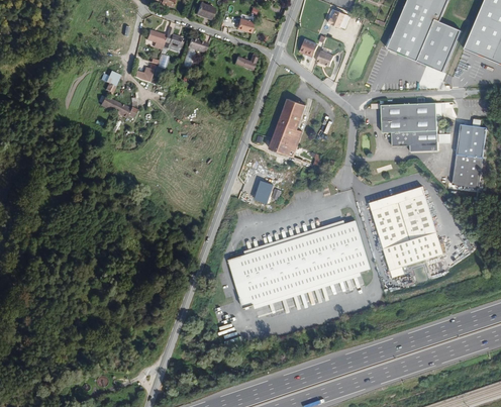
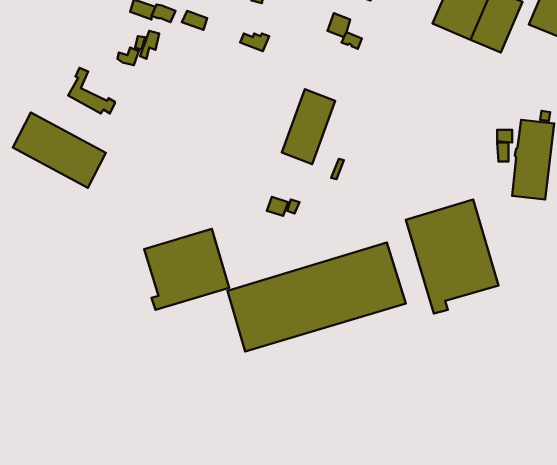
building: [379,102,439,150] -> none
building: none -> [13,113,106,188]
building: none -> [144,229,229,310]

